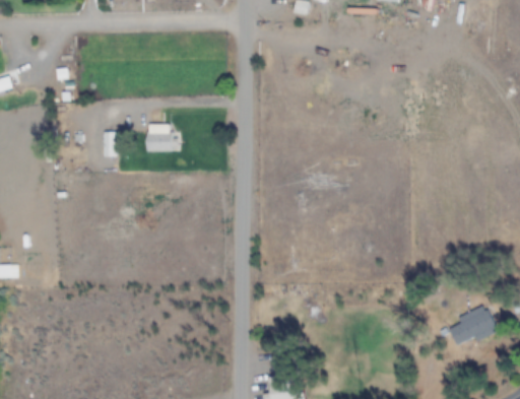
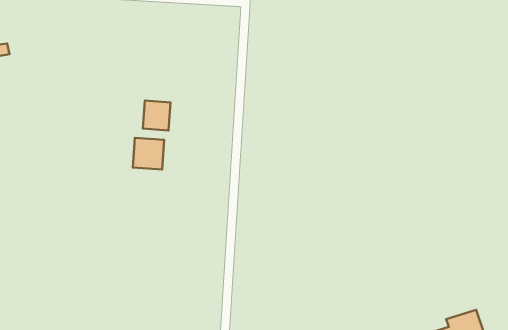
building: none -> [133,138,164,170]

